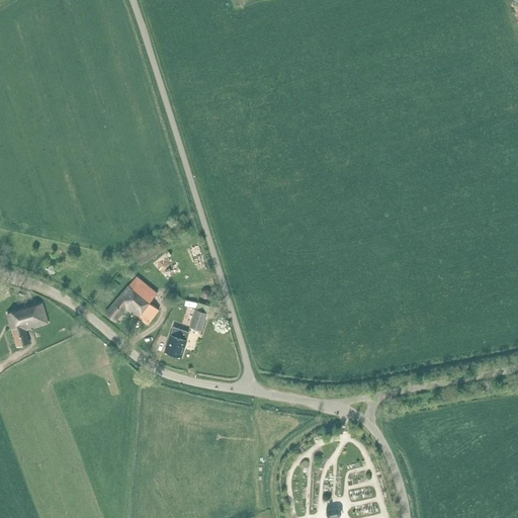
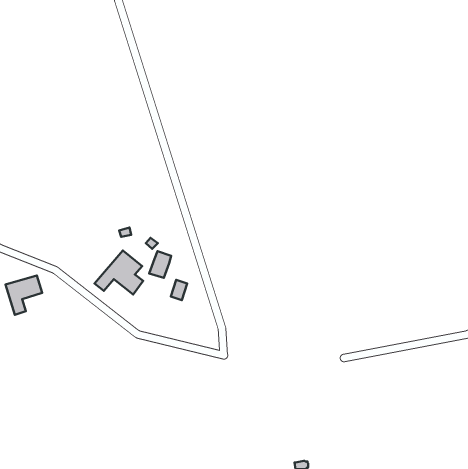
building: [164,327,188,356] -> [149,251,171,278]

